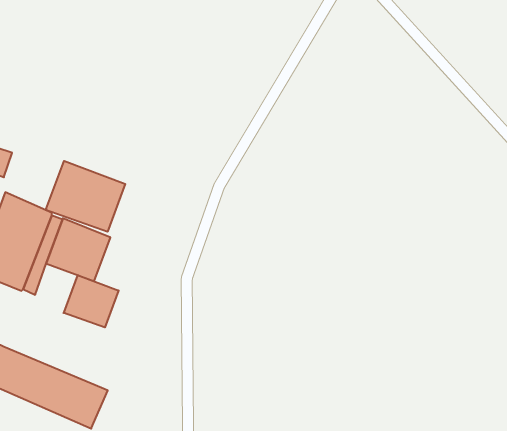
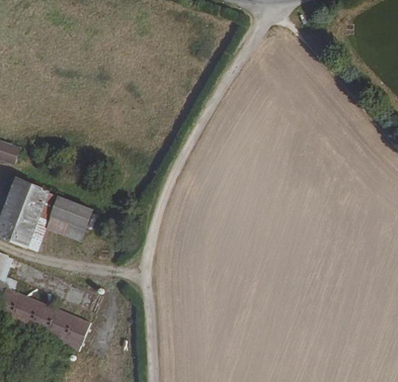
building: [45,161,125,232] -> none
building: [63,275,119,327] -> none

